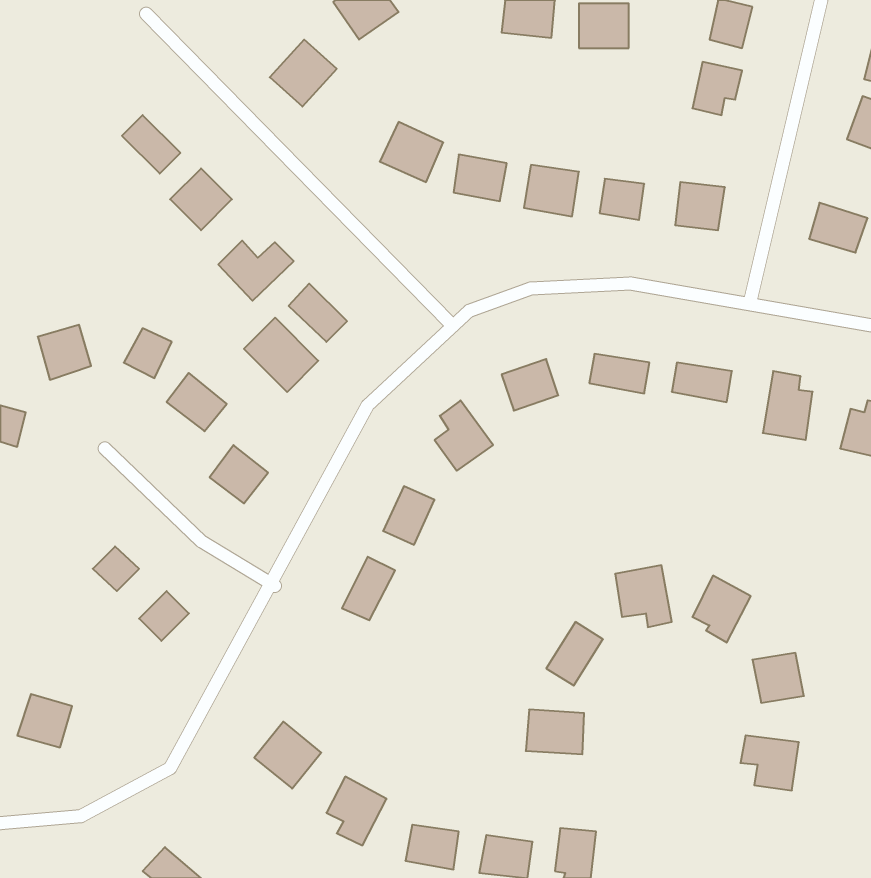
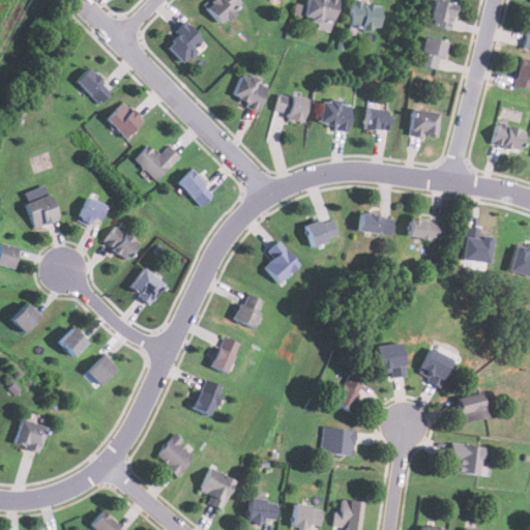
building: [244,318,318,392] -> none
building: none -> [12,304,40,333]
building: none -> [192,379,226,417]

